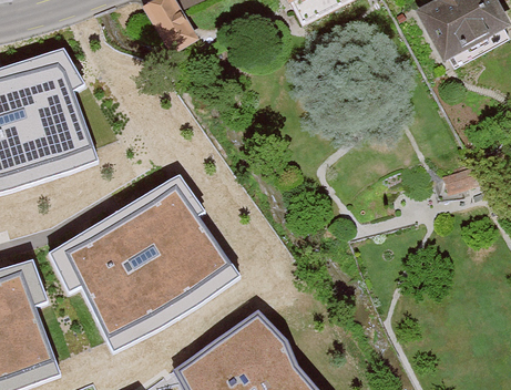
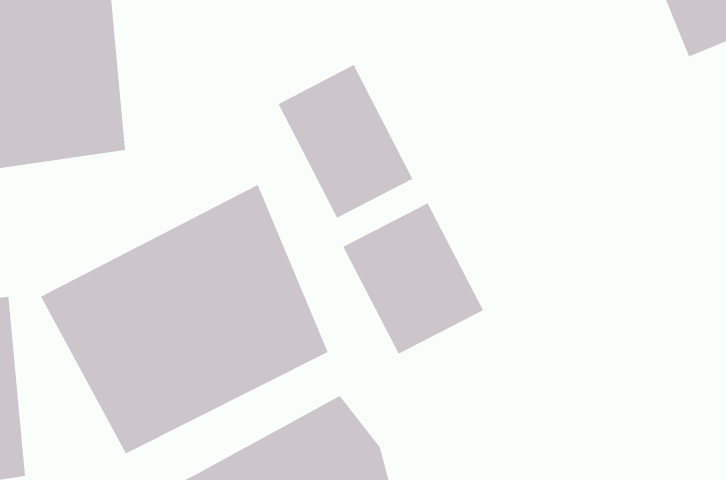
building: none -> [278,64,413,219]
building: none -> [343,203,484,355]

